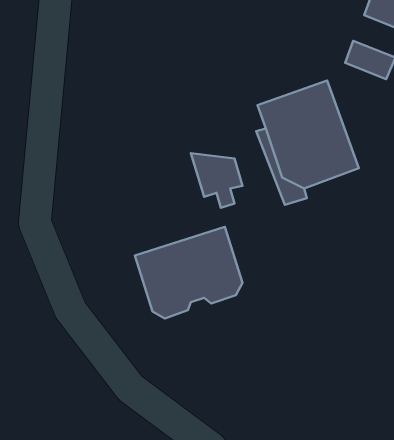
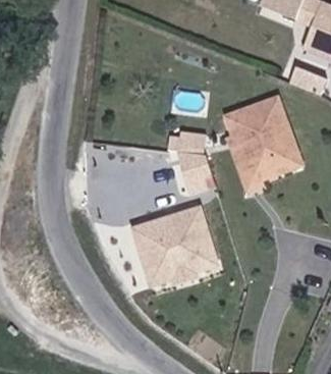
building: none -> [146,248,218,285]

